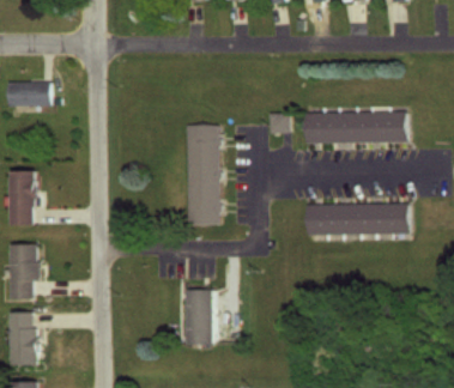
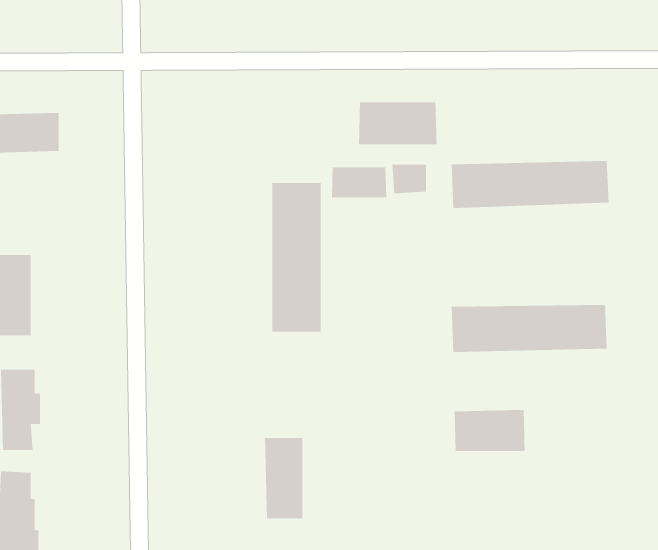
building: none -> [359,102,437,145]
building: none -> [331,167,387,198]
building: none -> [454,409,525,452]

